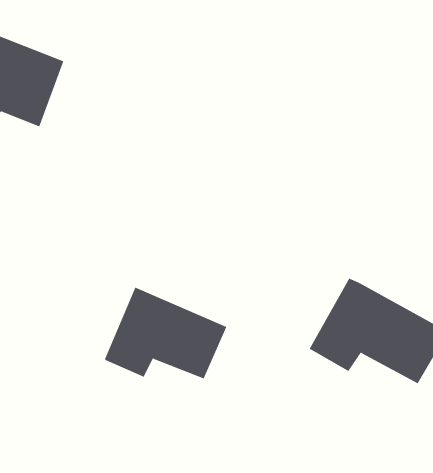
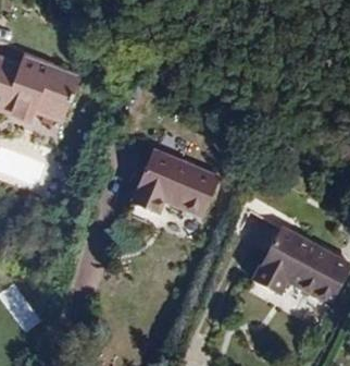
building: [104,287,227,379] -> [132,148,218,214]

